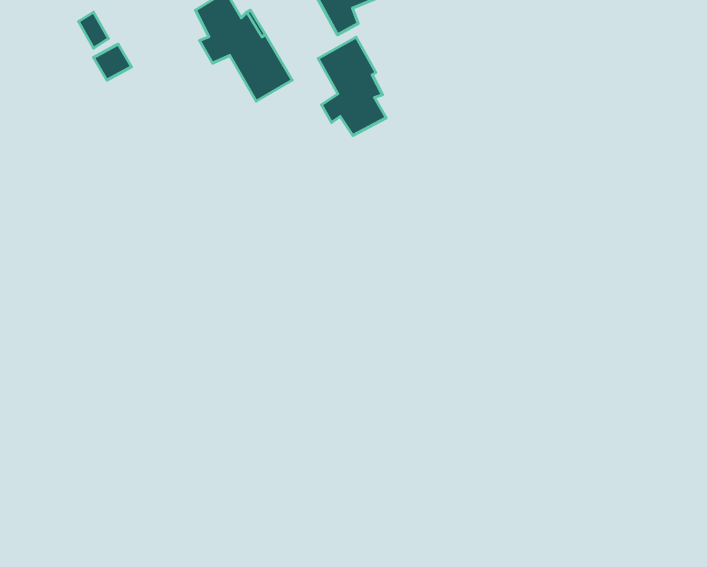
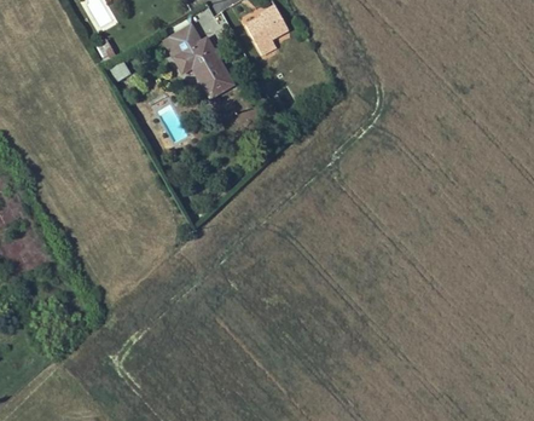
building: [318,37,386,135] -> none

